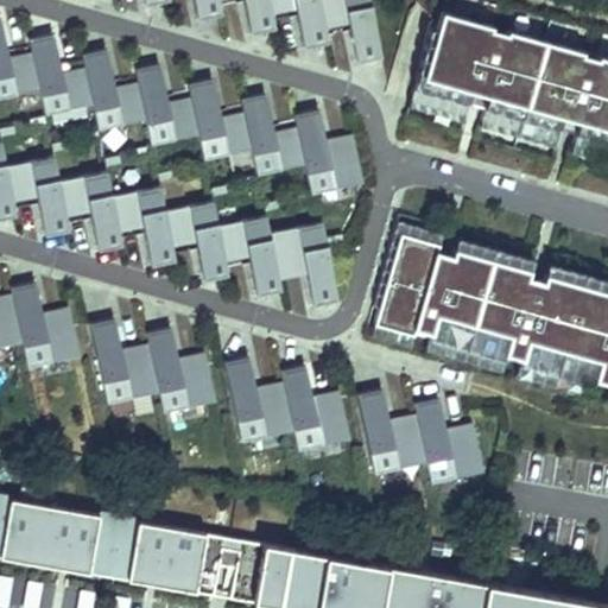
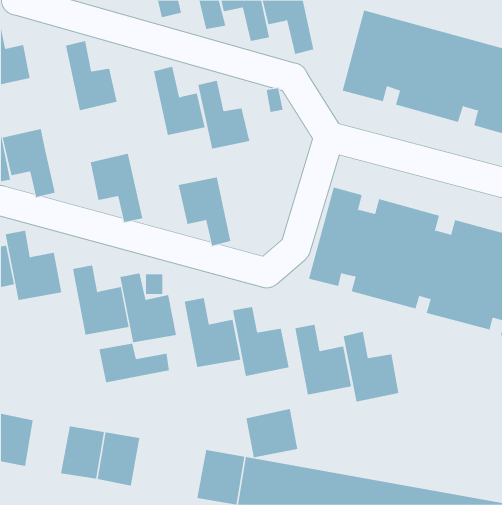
building: [30,34,93,118] -> none
building: [134,64,197,148] -> none
building: [294,109,357,192] -> none
building: [58,169,122,252] -> none
building: [165,200,229,283] -> none
building: [271,223,334,306] -> none
building: none -> [99,343,170,383]
building: none -> [246,408,298,458]
building: [34,505,87,569] -> none
building: [162,526,234,595] -> none

